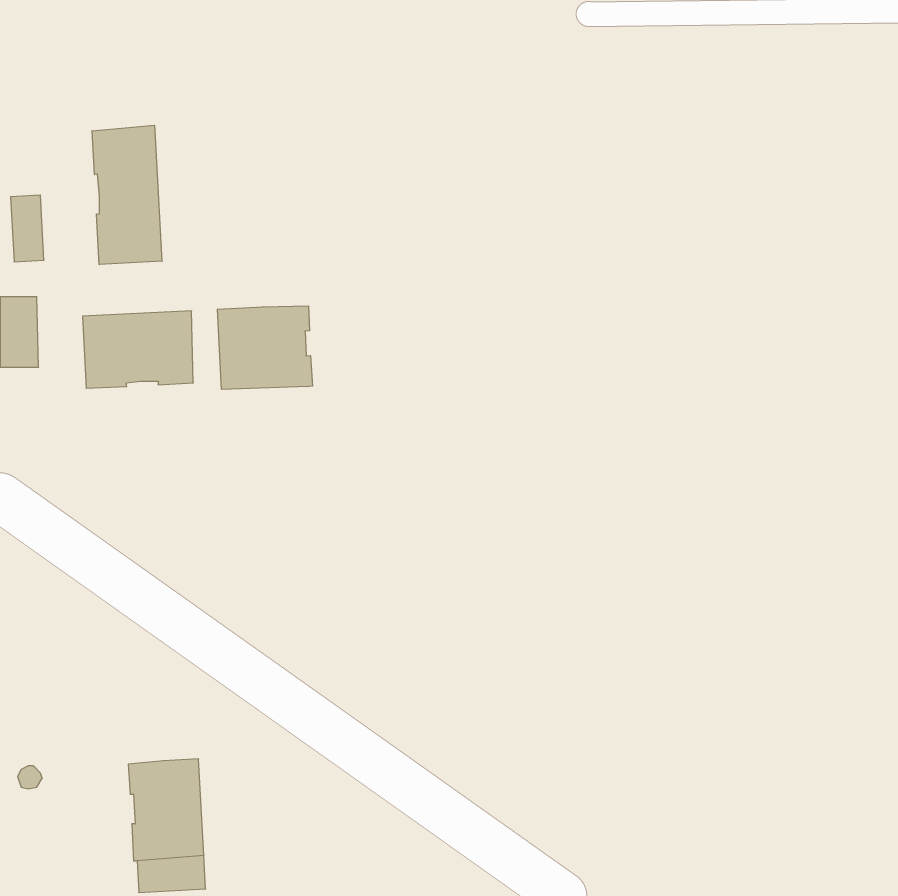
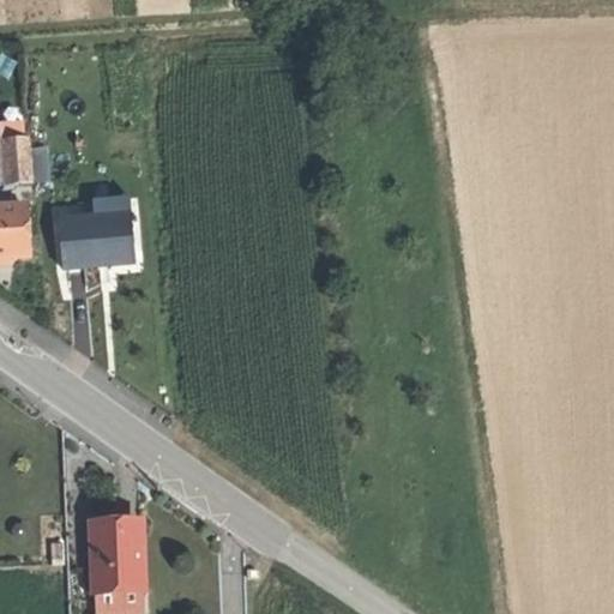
building: [92,125,162,265] -> none
building: [218,306,312,389] -> none

